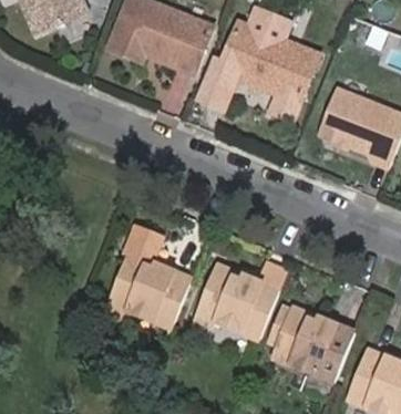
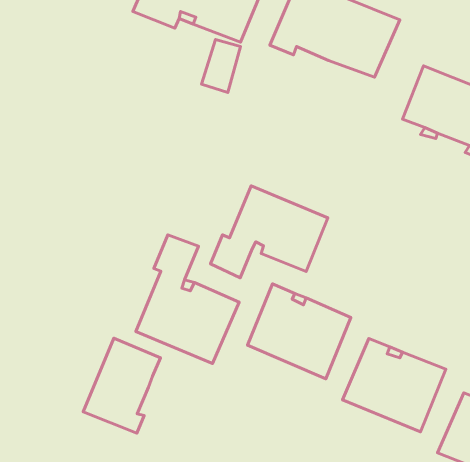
building: none -> [211,186,328,278]
building: none -> [83,338,161,433]

